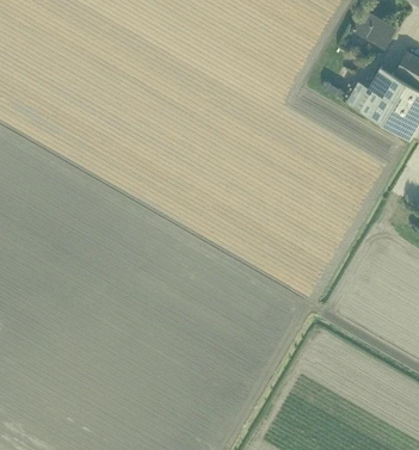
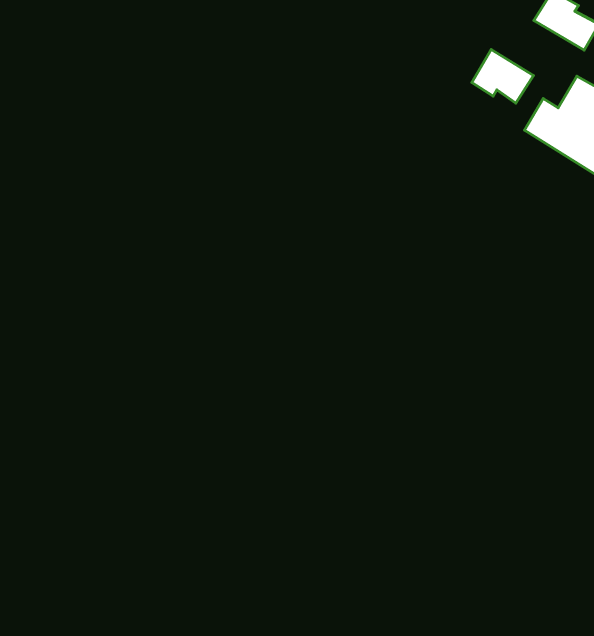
building: none -> [472,50,533,103]

